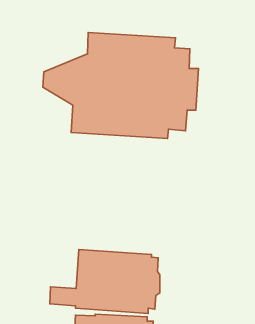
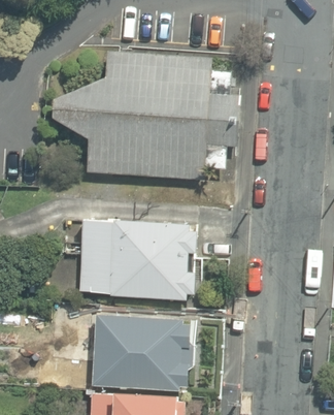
building: none -> [81,219,199,298]

